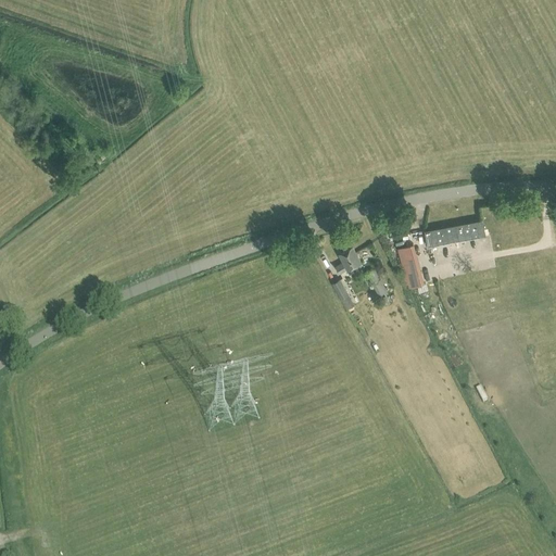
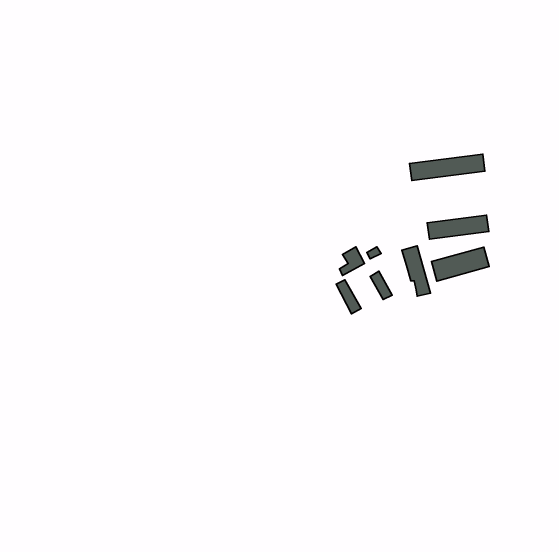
building: none -> [410,154,485,181]
building: none -> [431,247,489,281]

